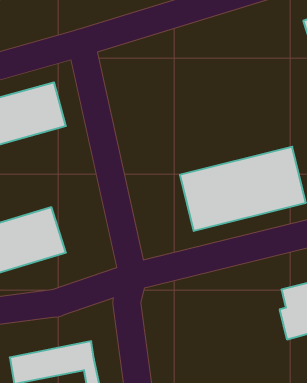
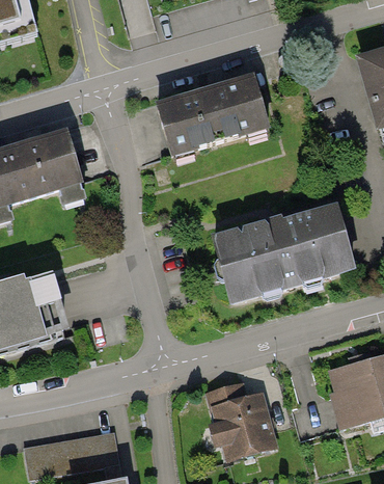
building: none -> [153,70,280,149]
building: none -> [203,383,276,458]

